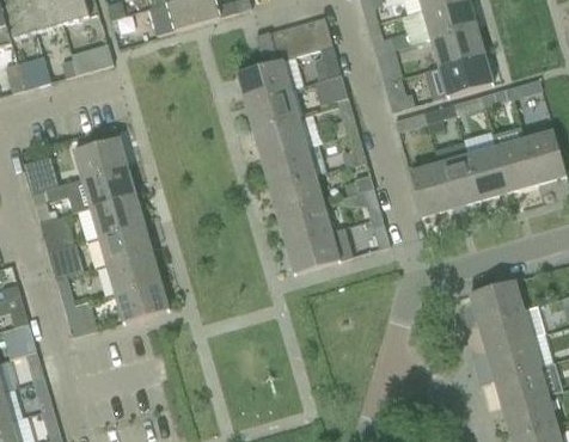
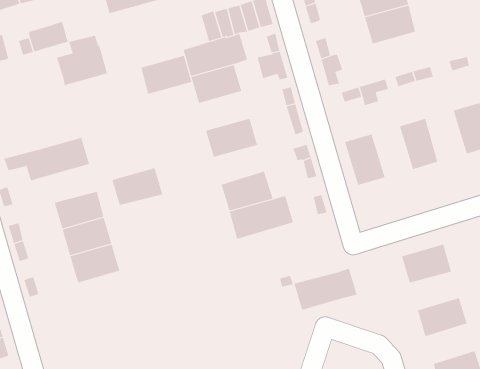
building: [423,54,494,102] -> none
building: [252,117,307,159] -> [141,55,192,94]
building: [73,125,128,179] -> [56,35,108,86]
building: [495,137,538,192] -> none
building: [438,154,481,209] -> none
building: [268,174,323,216] -> none
building: [90,195,145,235] -> [111,167,163,206]
building: [477,305,545,350] -> [294,268,357,311]
building: [494,364,547,407] -> none

